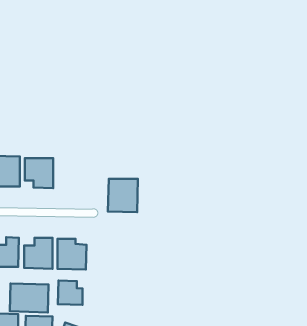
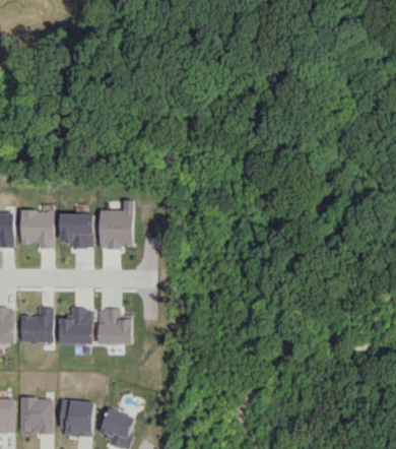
building: [108,179,138,212] -> [100,209,135,249]
building: [58,281,83,305] -> none
building: [10,283,48,312] -> none

